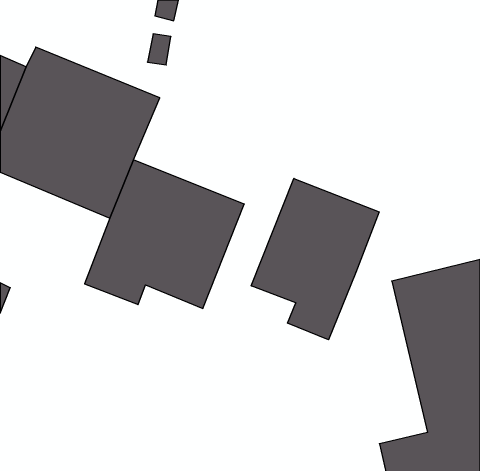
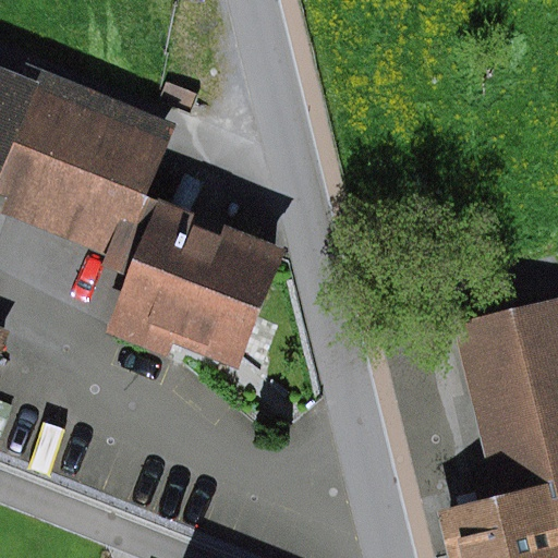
building: [251,178,379,340] -> none

